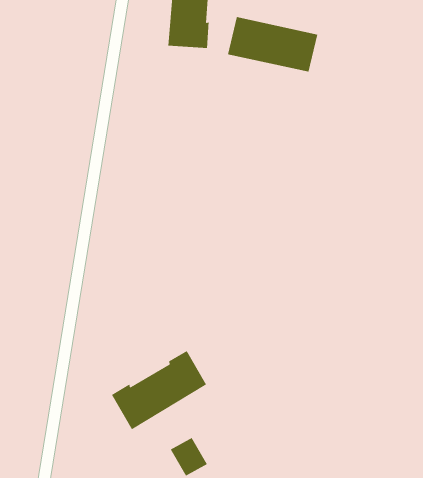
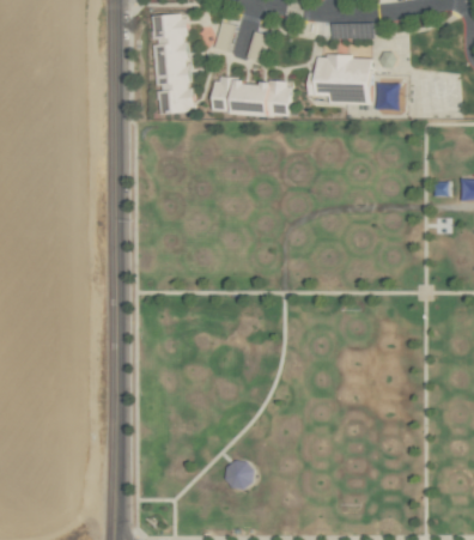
building: none -> [308,55,372,103]
building: [111,350,207,430] -> none

